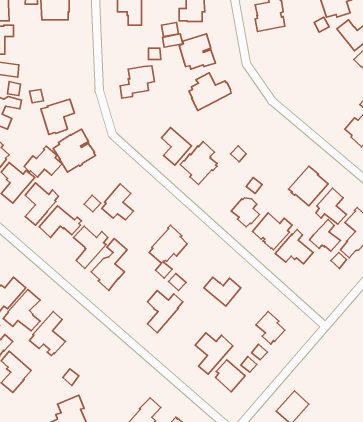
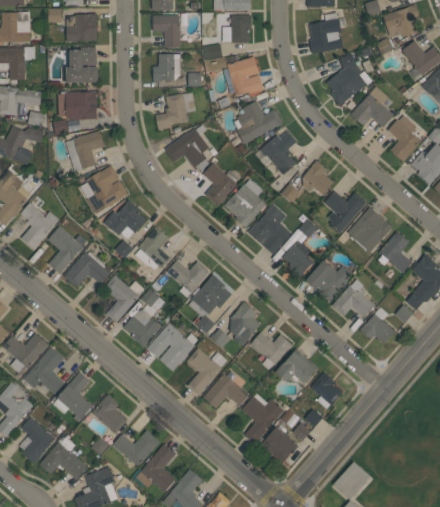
building: none -> [67,47,98,83]
building: none -> [153,54,181,82]
building: none -> [326,54,366,106]
building: none -> [350,87,394,128]
building: none -> [58,91,98,120]
building: none -> [387,115,421,161]
building: none -> [165,125,209,172]
building: none -> [255,131,297,176]
building: none -> [302,160,333,195]
building: [24,146,62,177] -> [104,200,147,235]
building: none -> [324,191,366,233]
building: none -> [247,204,291,255]
building: none -> [167,260,210,298]
building: [310,219,340,251] -> [360,307,395,343]
building: none -> [230,302,261,347]
building: none -> [147,323,198,371]
building: none -> [276,349,318,384]
building: none -> [203,374,250,409]
building: none -> [92,395,128,434]
building: none -> [112,431,160,467]
building: none -> [39,437,87,480]
building: none -> [136,444,176,492]

